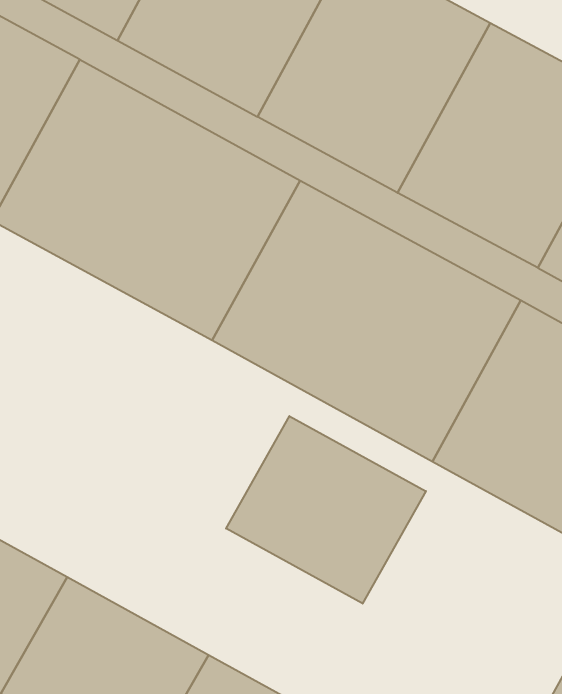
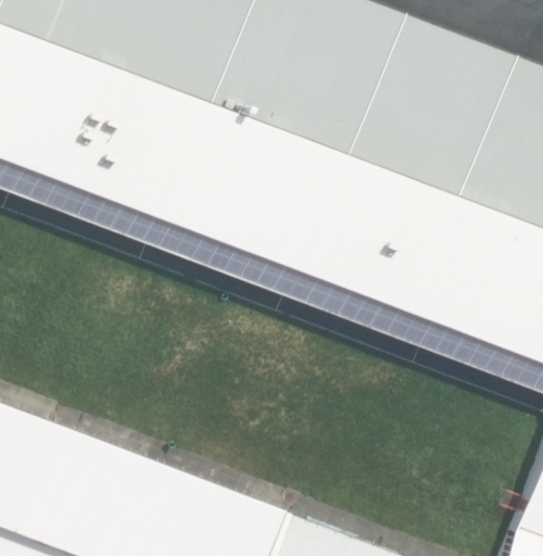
building: [226,416,426,604] -> none

